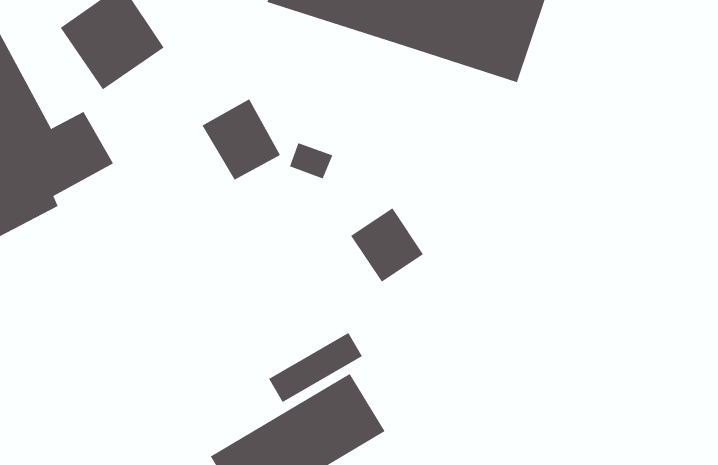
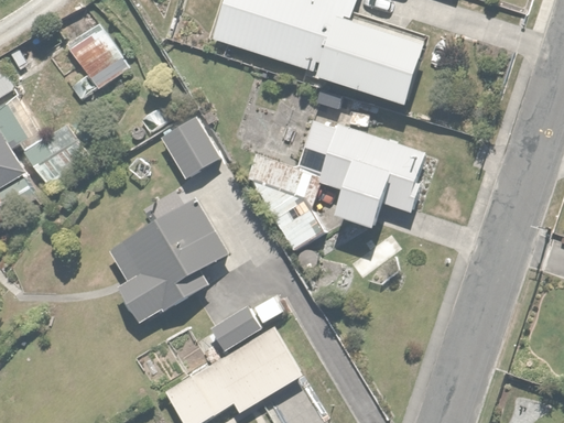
building: none -> [297,117,430,229]
building: none -> [108,202,229,323]

